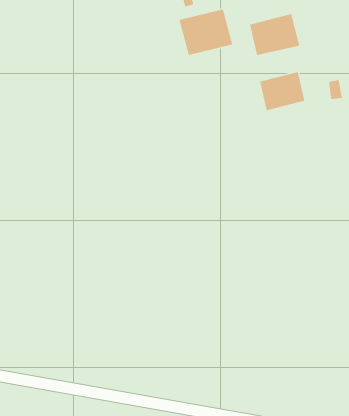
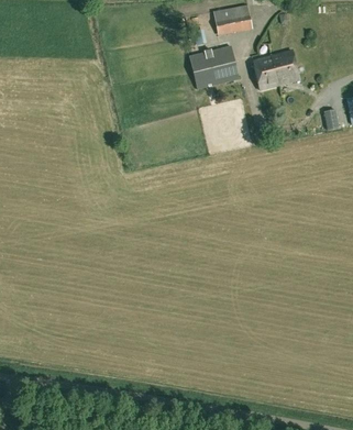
building: [259,71,305,111] -> none

